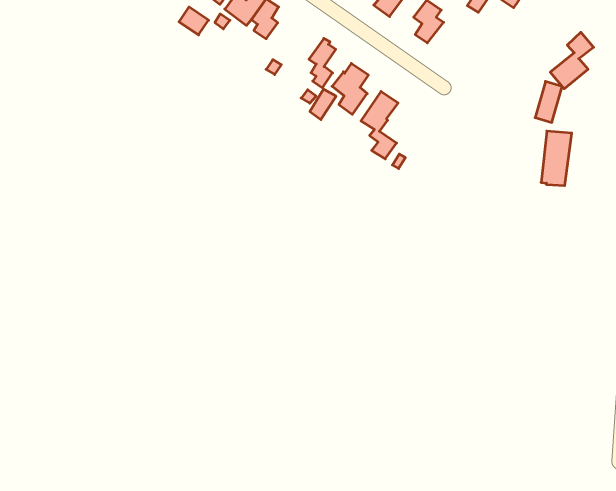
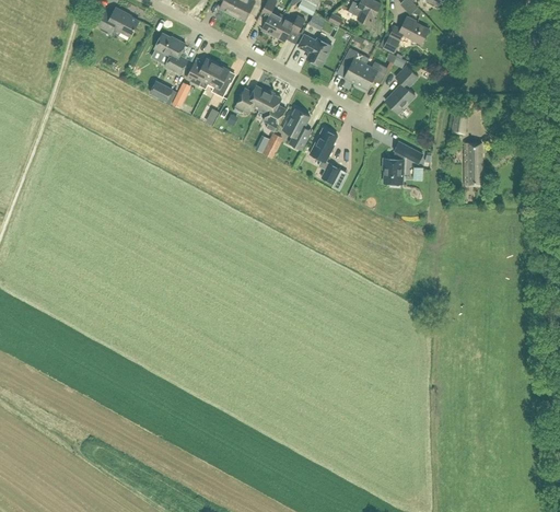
building: none -> [354,60,388,89]
building: none -> [233,84,269,114]
building: [550,32,594,89] -> [384,65,417,113]
building: none -> [382,141,422,183]

